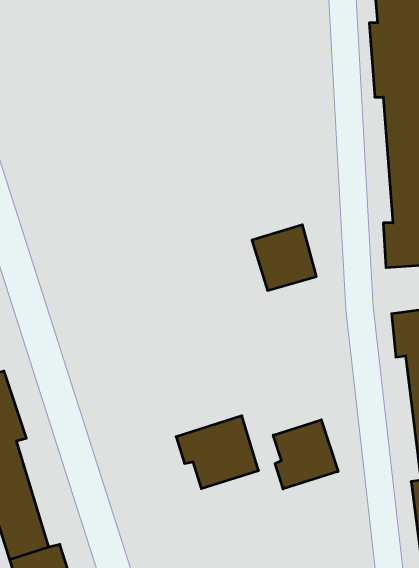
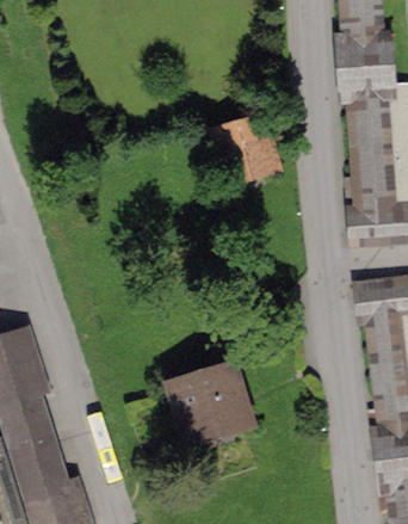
building: [252,225,316,290] -> [221,119,276,175]
building: [273,420,338,489] -> none

